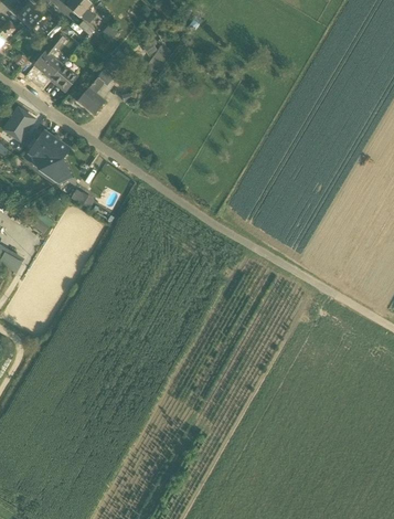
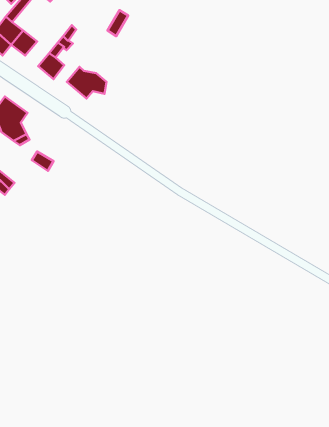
building: none -> [67,67,107,98]

